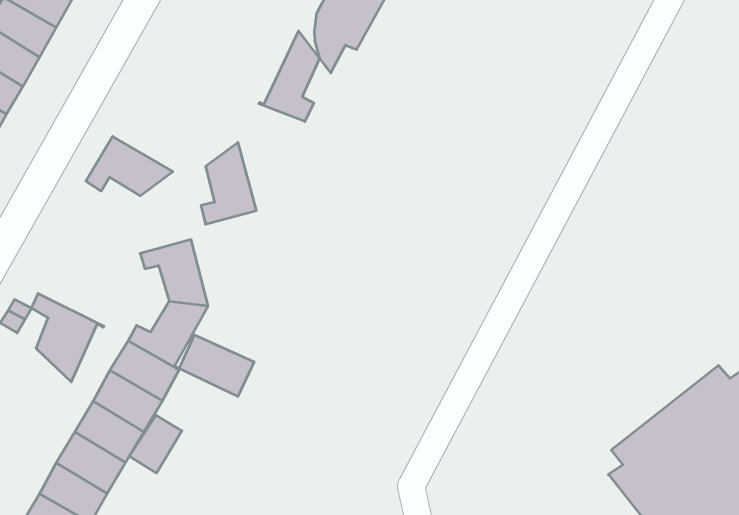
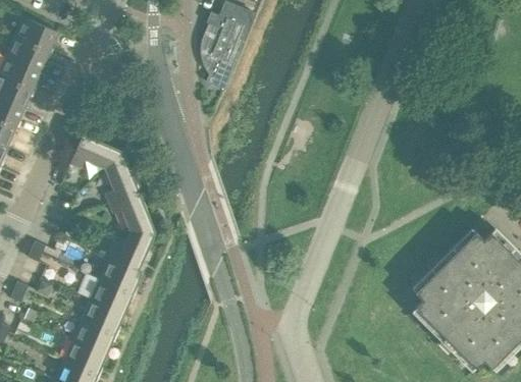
building: [259,31,319,122] -> none
building: [201,142,256,224] -> [104,152,139,205]
building: [31,293,104,382] -> none
building: [179,335,254,397] -> none
building: [129,415,182,473] -> none

